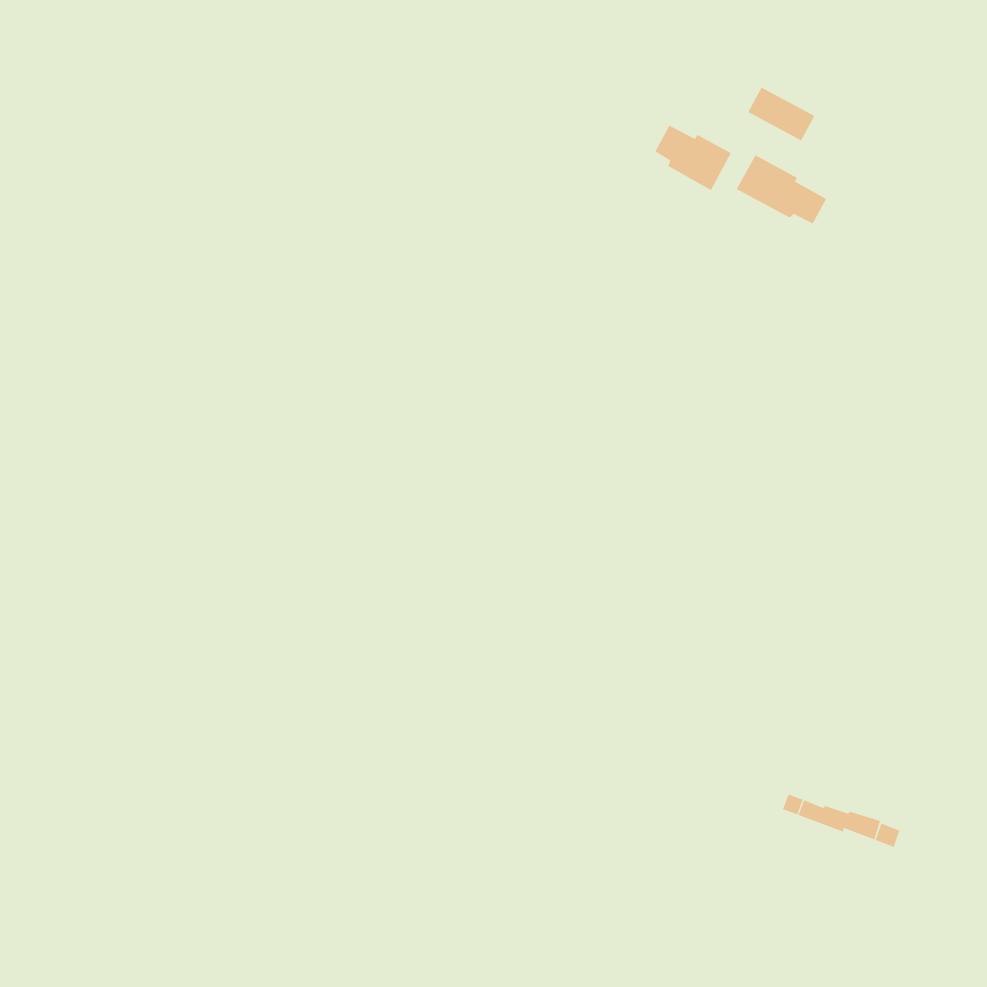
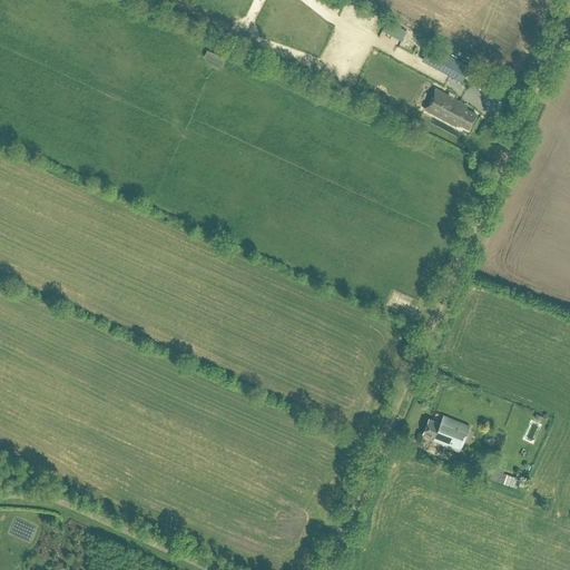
building: [654,125,731,191] -> none
building: none -> [423,415,470,452]

